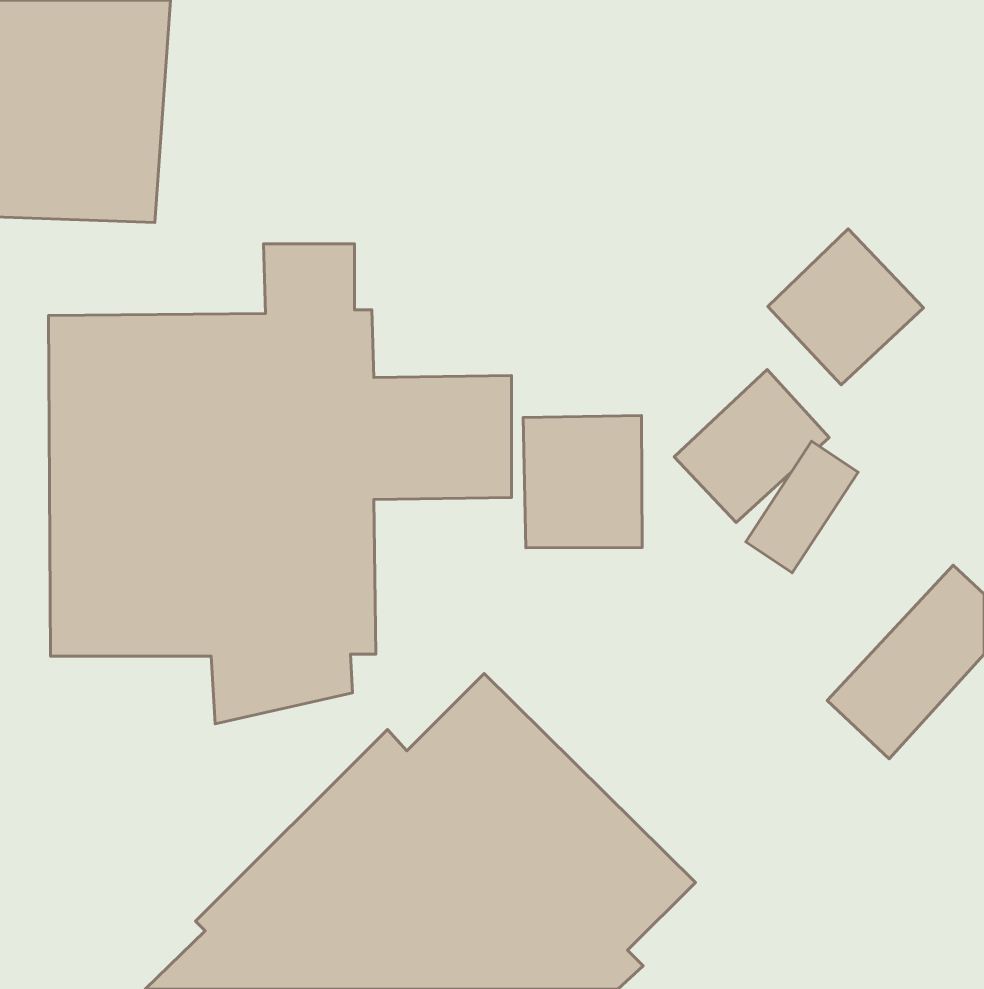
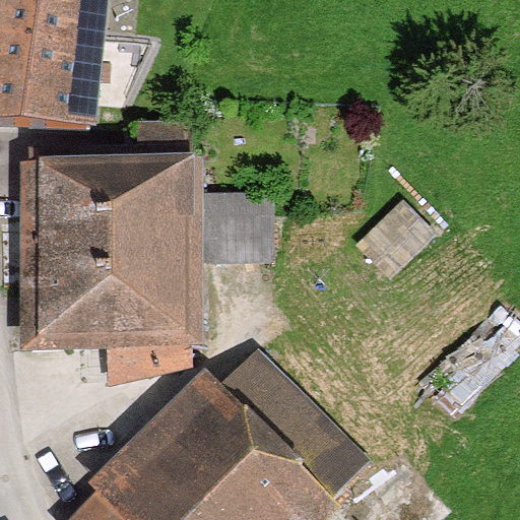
building: [768,229,923,385] -> none
building: [523,416,642,548] -> none

